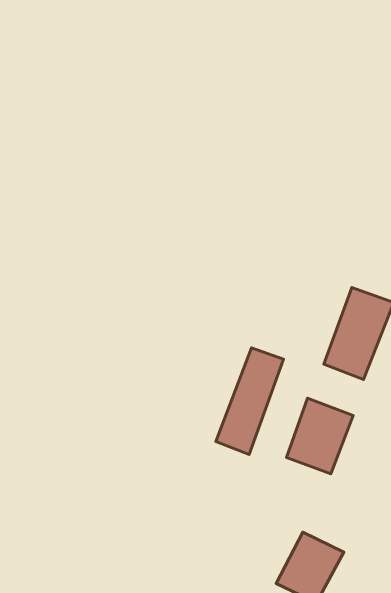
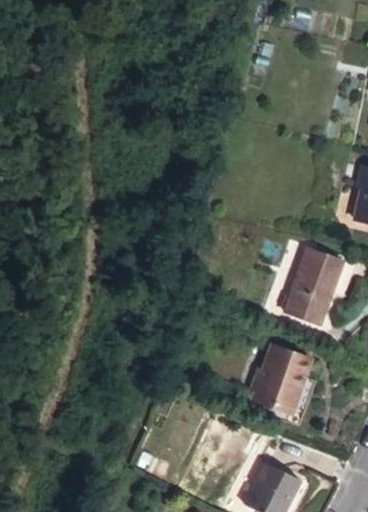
building: [216,348,283,454] -> none

